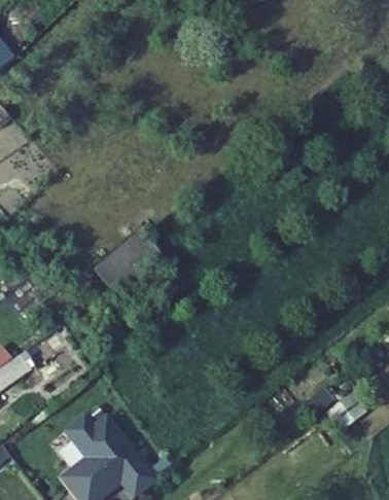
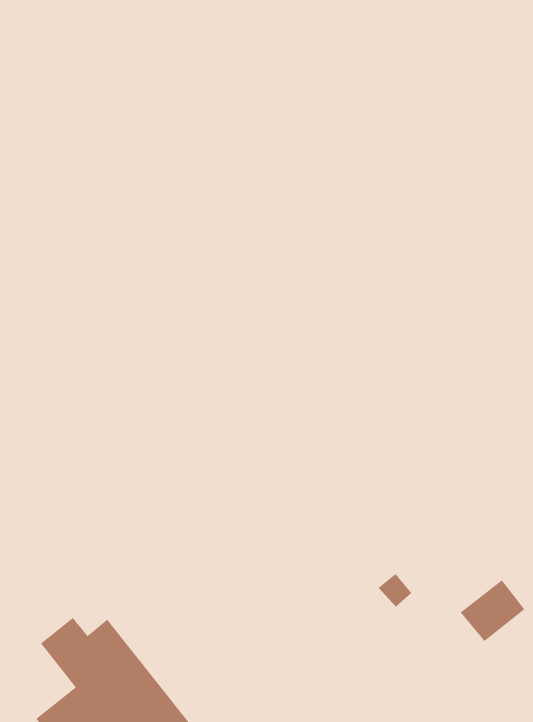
building: [92,229,161,293] -> none

